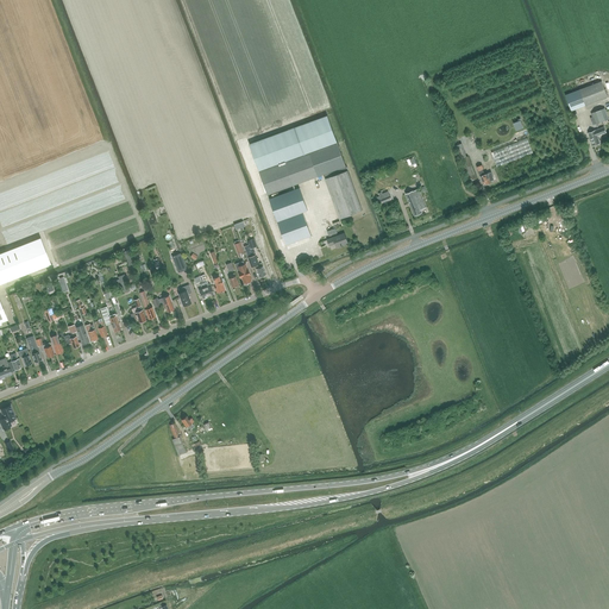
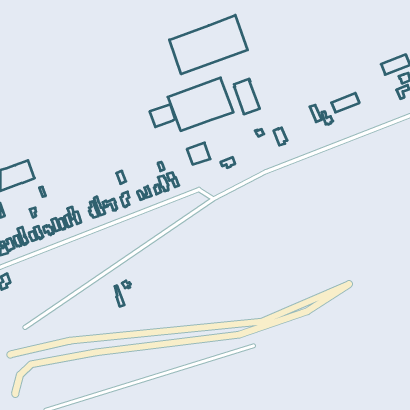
building: none -> [169,15,248,74]
building: [325,167,363,219] -> [234,79,260,114]
building: [269,188,307,221] -> [150,104,175,127]

